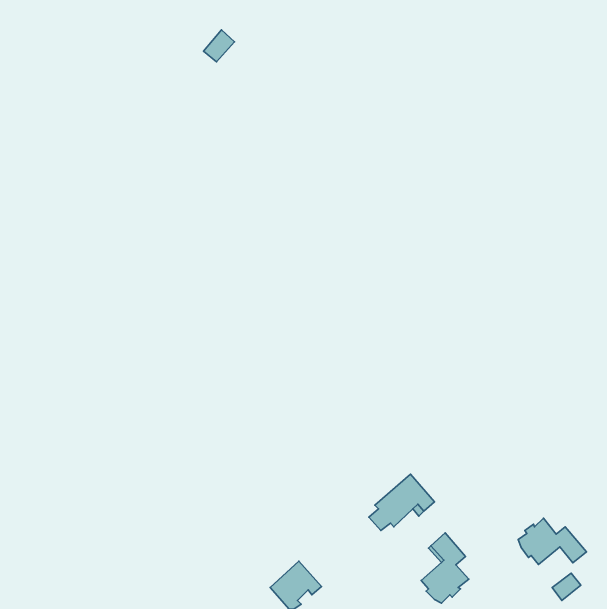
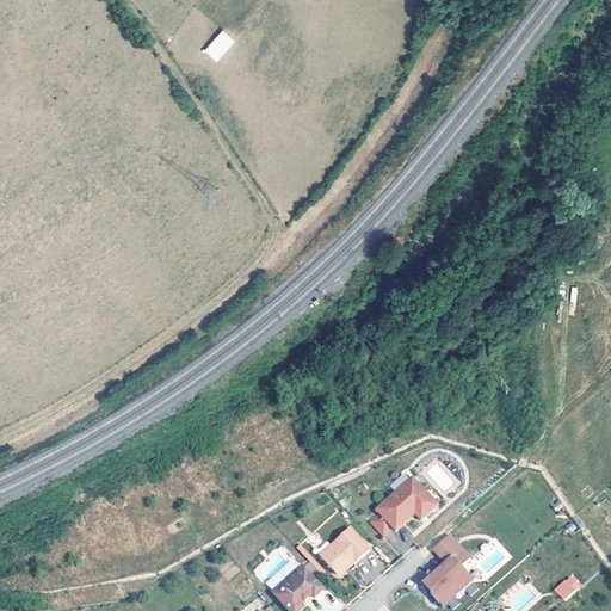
building: [518,518,587,565] -> none
building: none -> [320,525,369,572]

